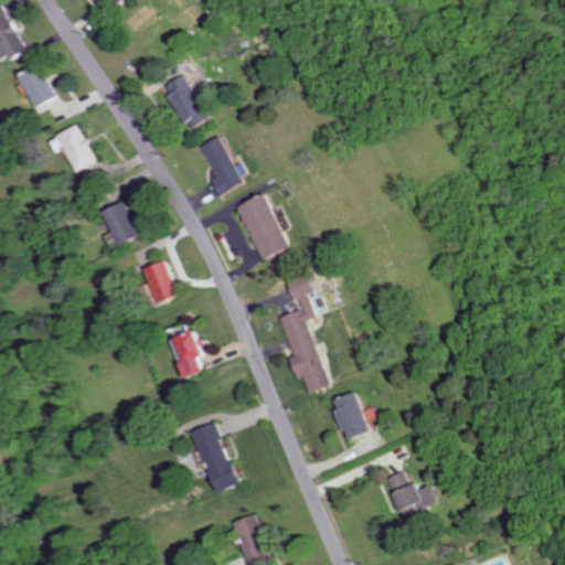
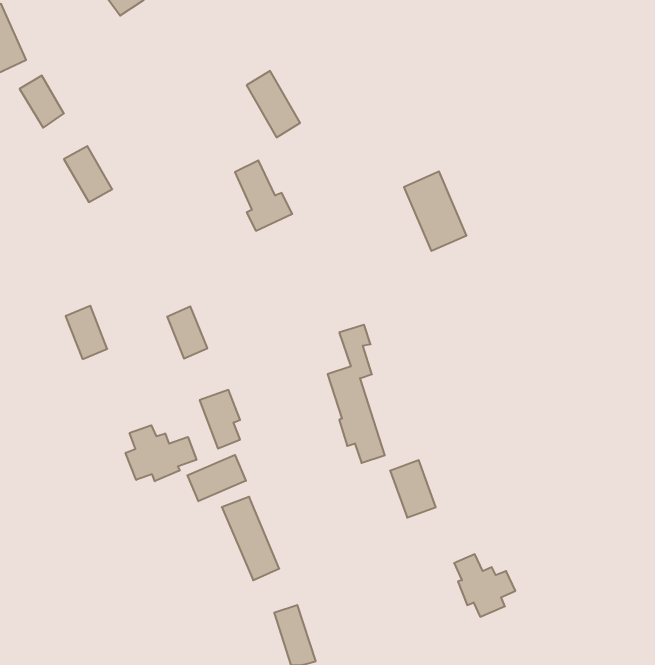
building: [162,74,207,130] -> [247,71,300,137]
building: [236,193,289,260] -> [404,171,467,251]
building: [102,201,137,246] -> [66,306,107,359]
building: none -> [126,425,196,481]
building: none -> [187,455,246,501]

